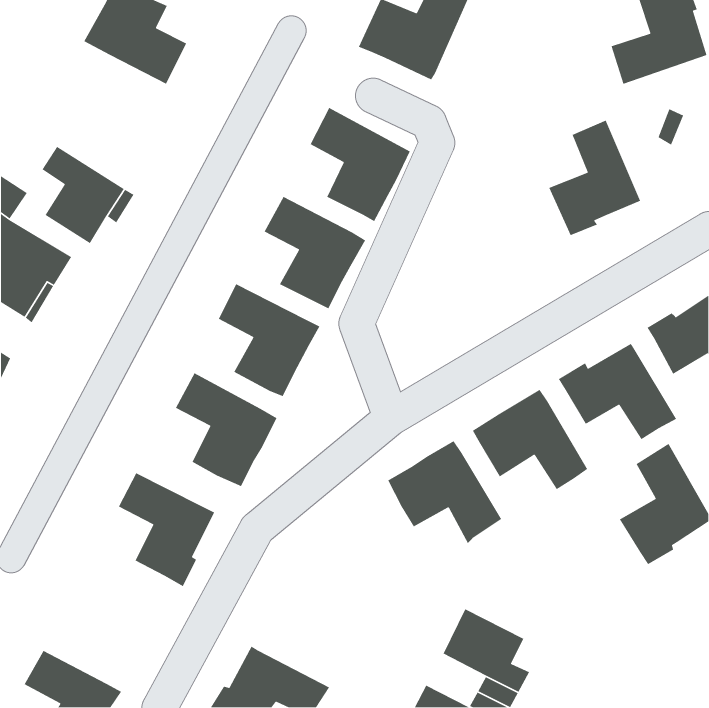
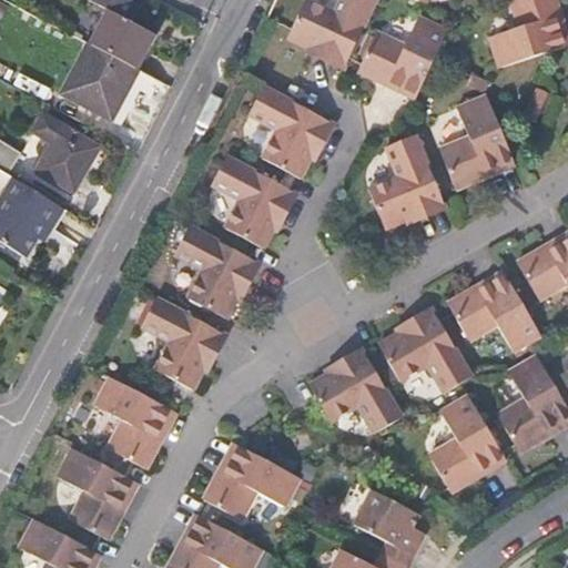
building: none -> [357,16,447,94]
building: none -> [61,44,136,119]
building: none -> [367,135,444,229]
building: none -> [428,393,503,491]
building: none -> [204,445,301,519]
building: none -> [58,448,135,539]

